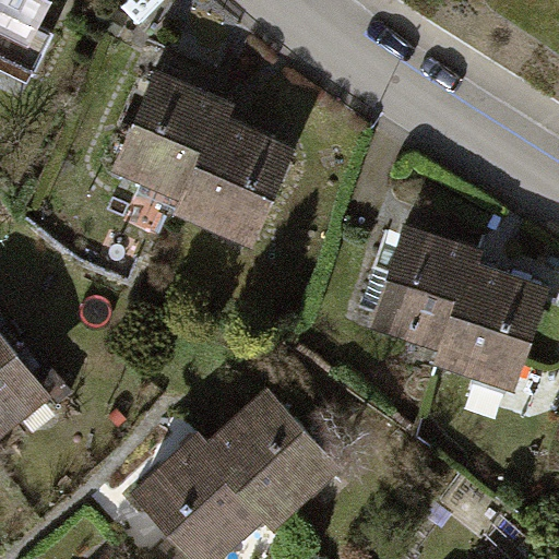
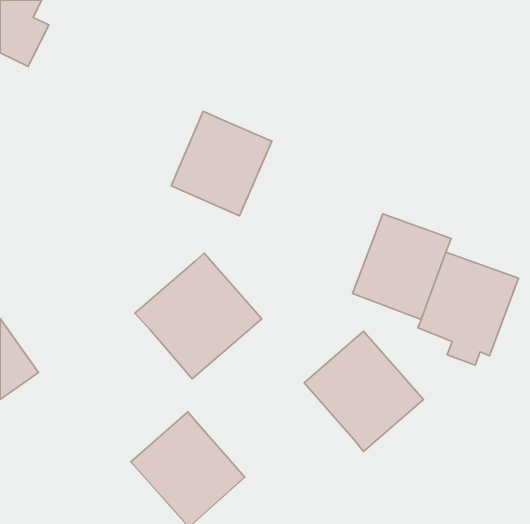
building: [115,80,221,192] -> none
building: none -> [135,253,262,379]
building: [205,394,331,521] -> [304,331,424,451]

